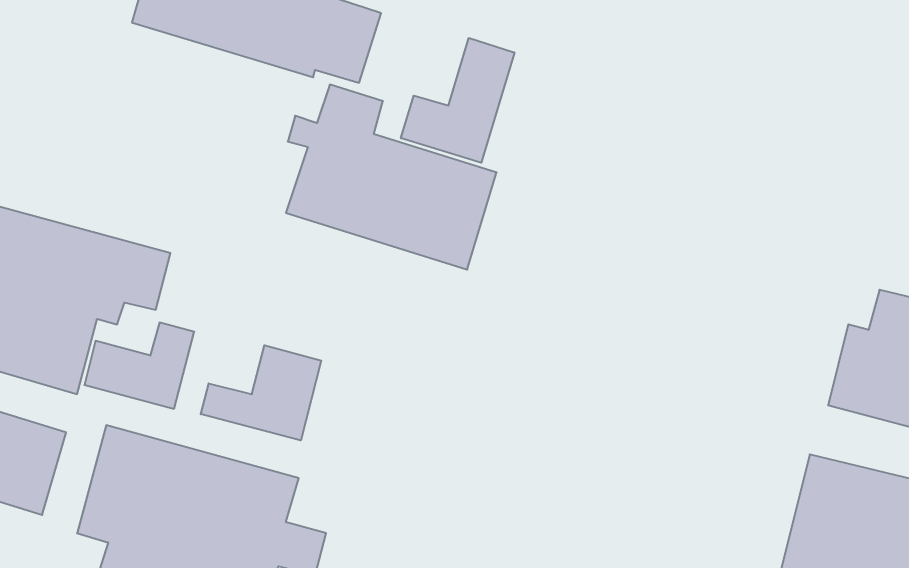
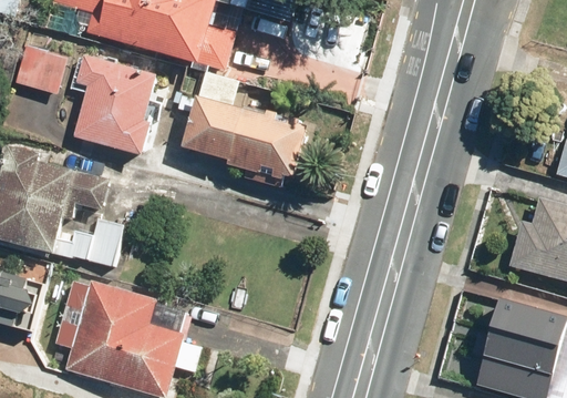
building: none -> [27,38,156,156]
building: [401,38,514,163] -> none
building: [201,345,321,440] -> none

